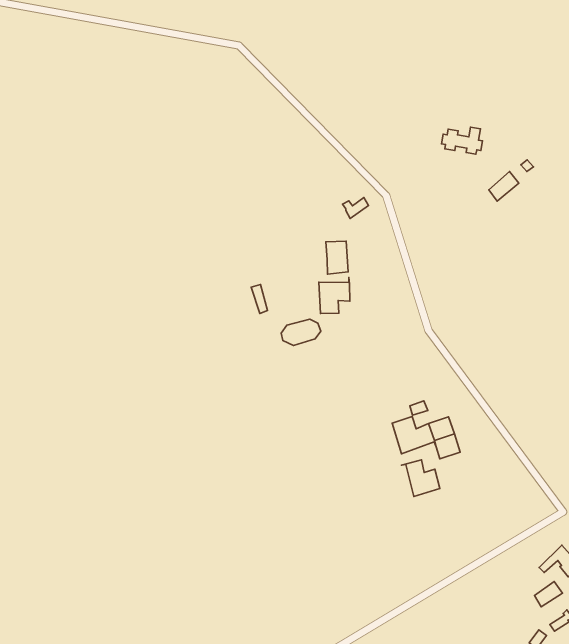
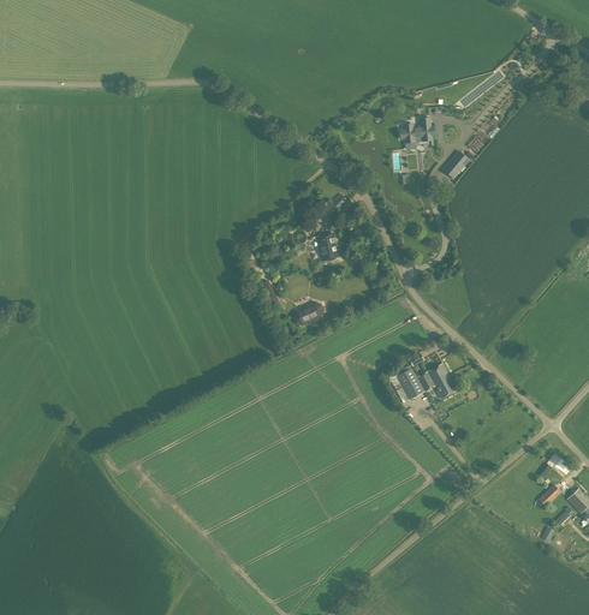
building: [319,277,350,314] -> none
building: [401,460,440,497] -> none

